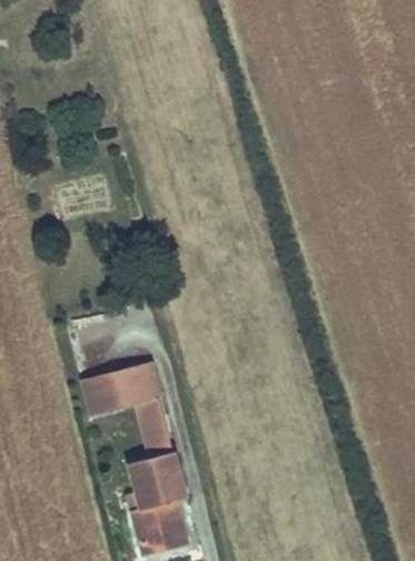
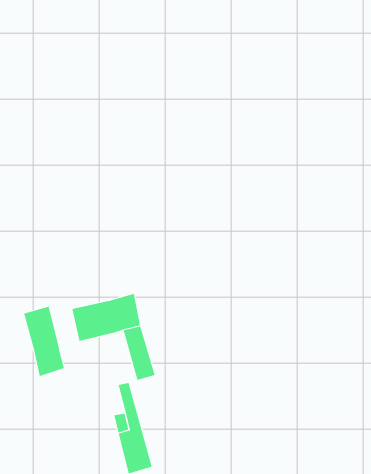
building: none -> [23,306,64,377]
building: [145,451,186,548] -> none

